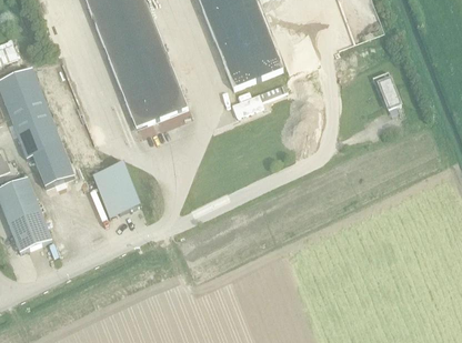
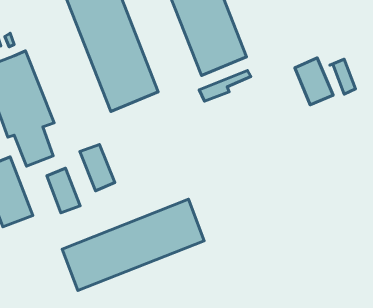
building: none -> [295,58,333,105]
building: none -> [47,168,80,213]
building: none -> [62,199,204,291]

